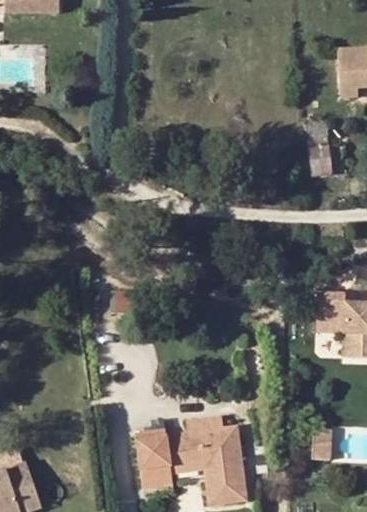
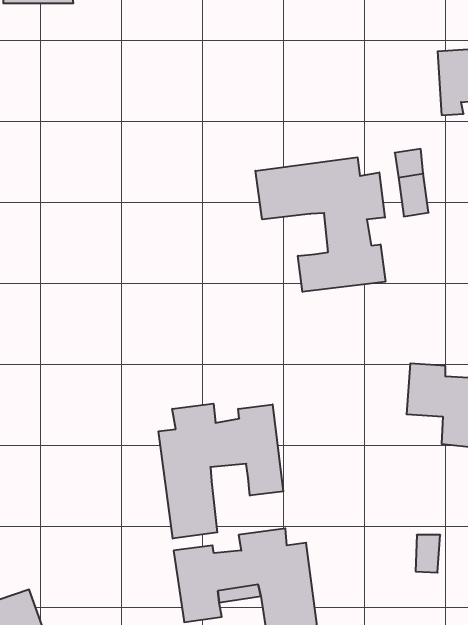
building: none -> [255,157,385,292]
building: none -> [159,404,283,539]

